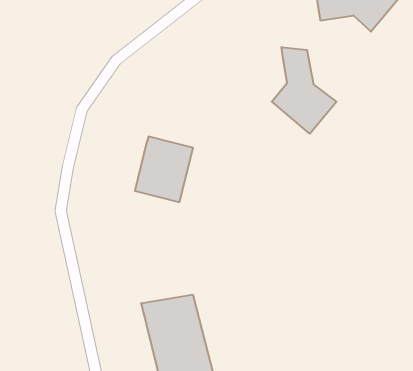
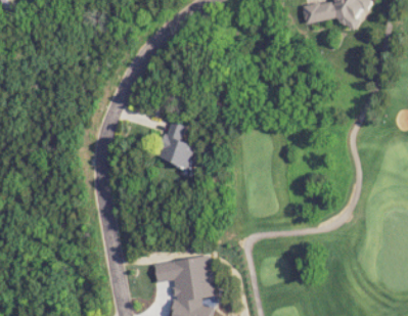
building: [272,47,336,134] -> none

